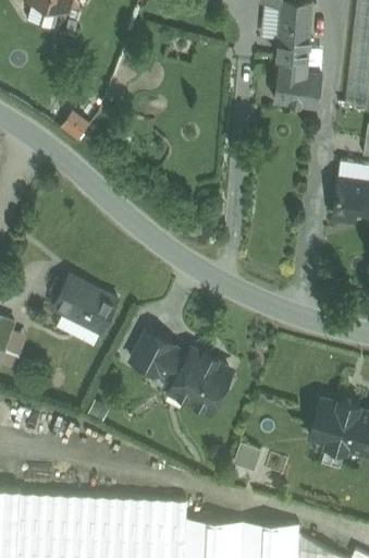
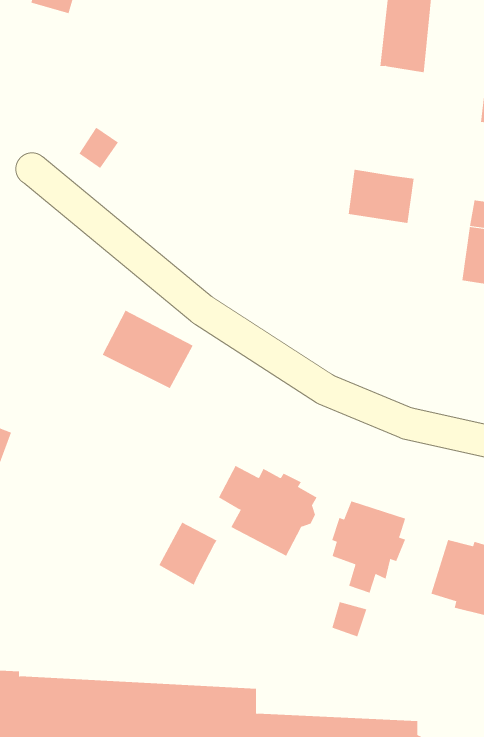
building: [274,66,321,105] -> [348,169,414,224]
building: [54,276,119,331] -> [102,310,193,389]
building: [134,330,175,375] -> [159,522,218,585]
building: none -> [331,501,406,594]

